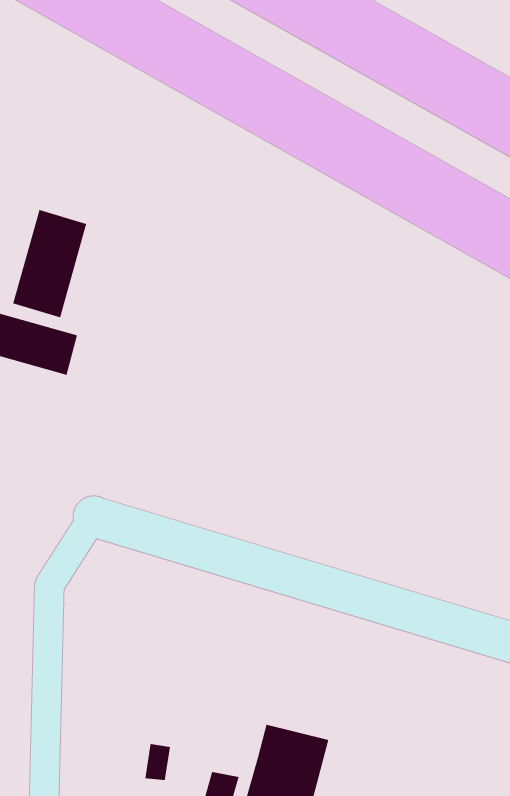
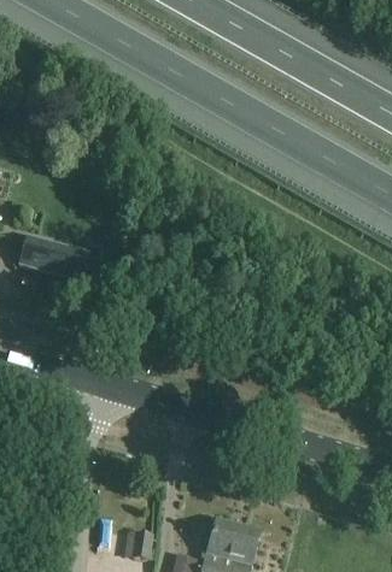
building: [13,209,87,318] -> none

